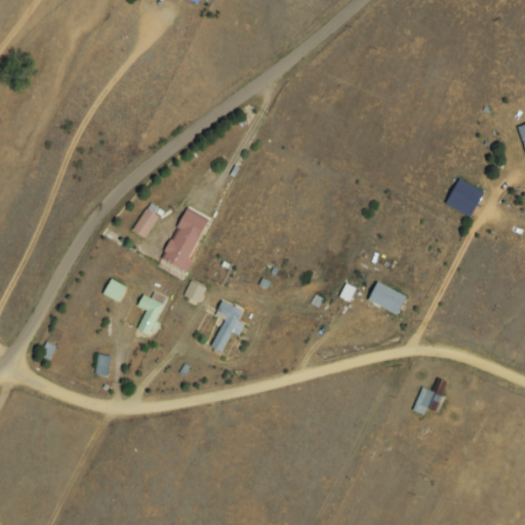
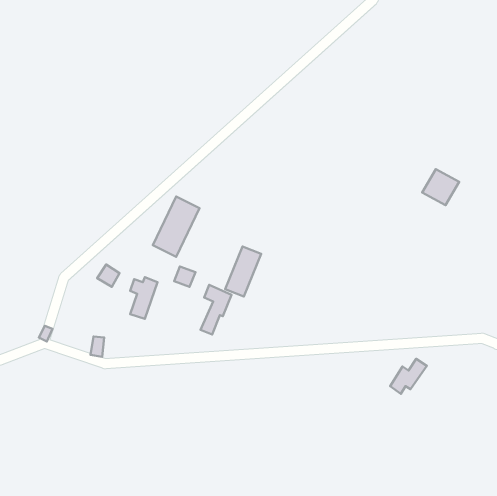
building: [132,202,162,238] -> none
building: none -> [225,247,261,296]
building: [368,282,406,315] -> none

